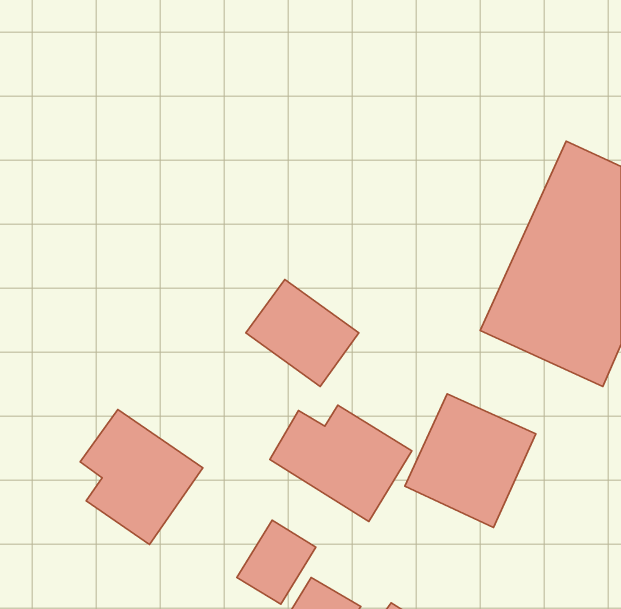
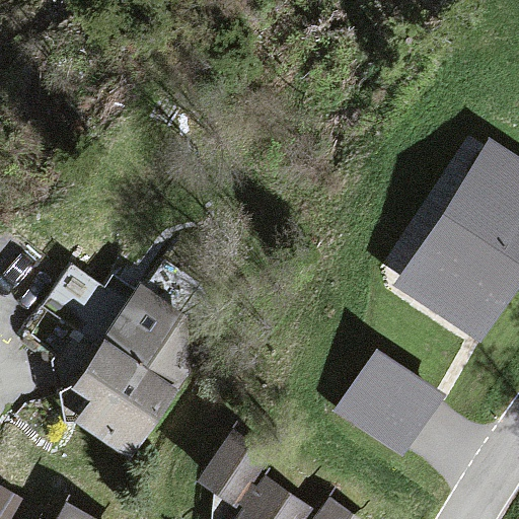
building: [246,279,359,386] -> [105,300,200,389]
building: [270,405,412,521] -> none

